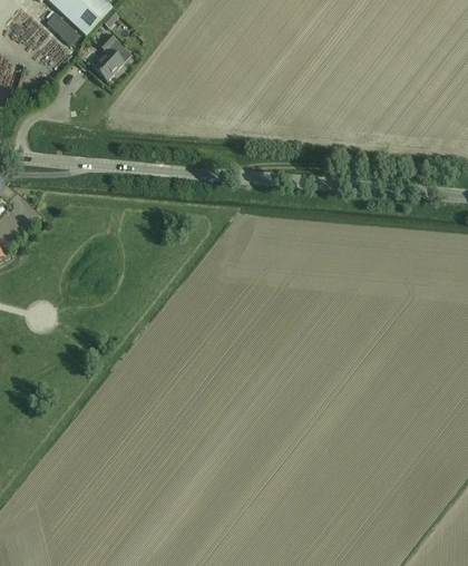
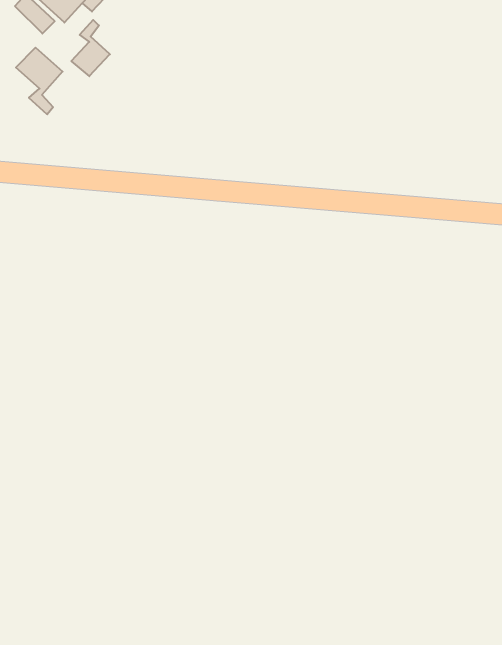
building: none -> [16,48,63,114]

